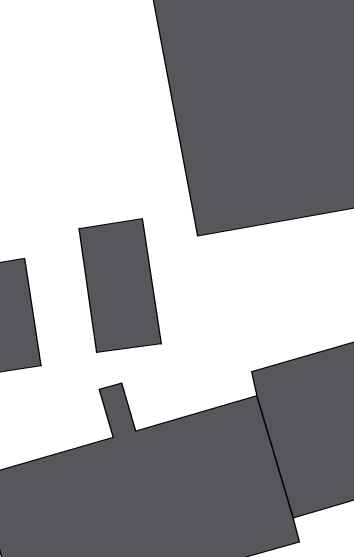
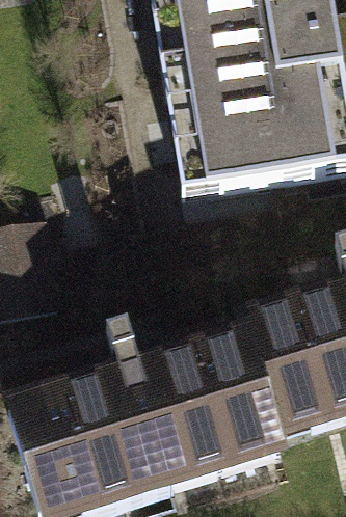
building: [79,219,161,353] -> none

